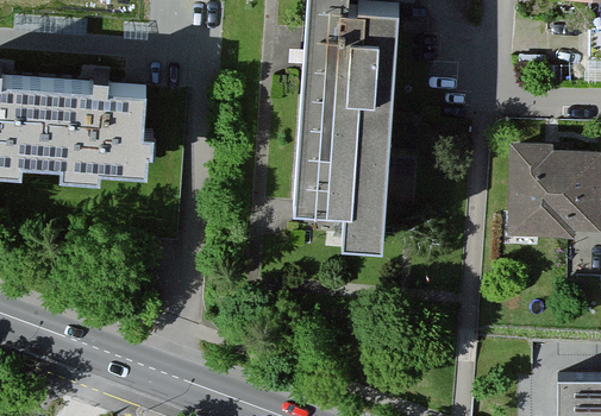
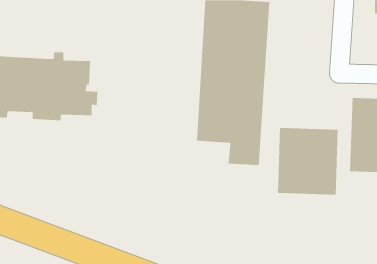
building: none -> [277,127,338,195]

